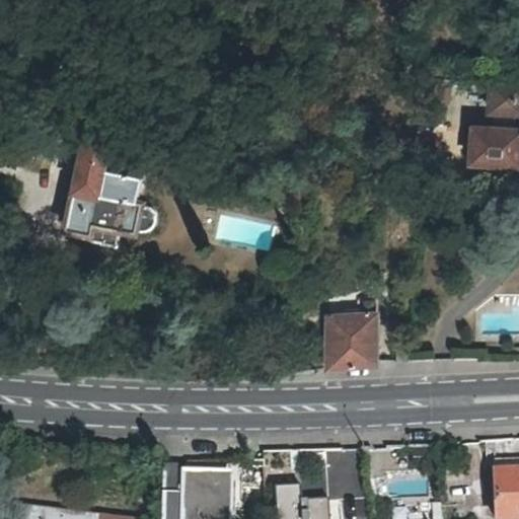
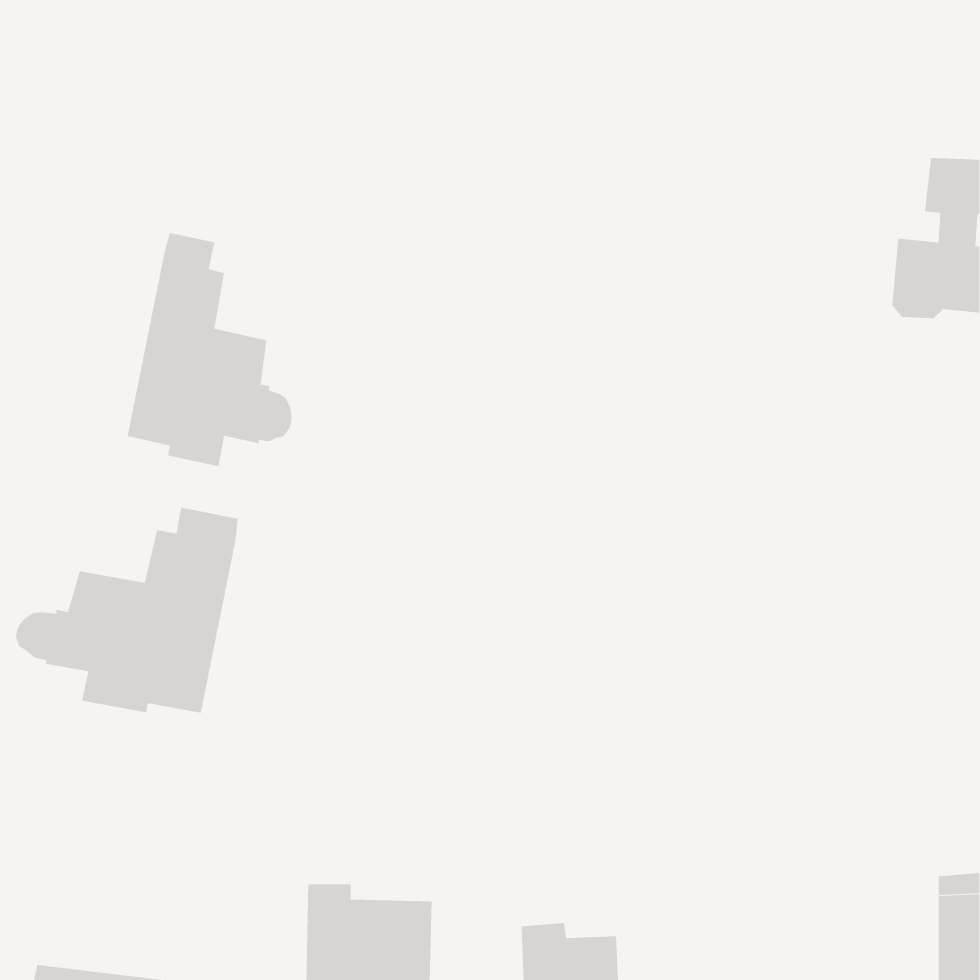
building: none -> [15,507,238,713]
building: [325,301,376,370] -> none

